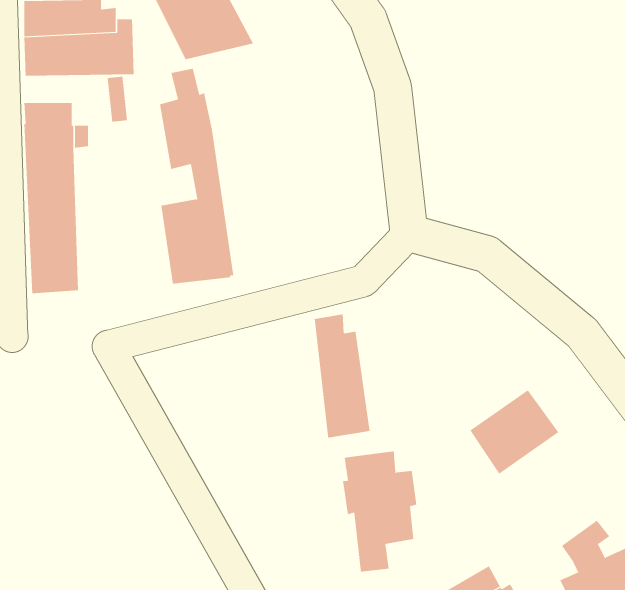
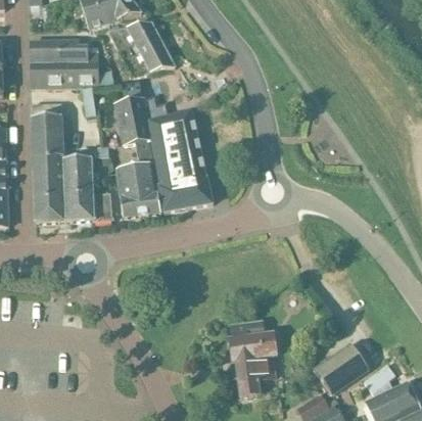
building: none -> [149,109,214,212]
building: none -> [63,145,113,221]
building: [314,314,370,439] -> none
building: [469,389,559,475] -> [314,342,370,395]

